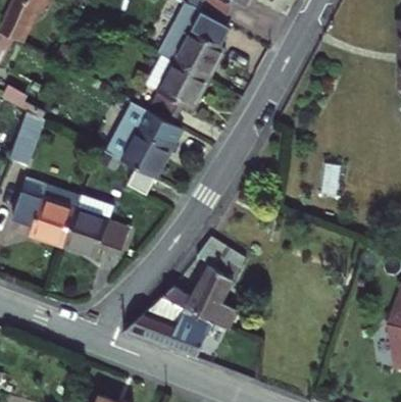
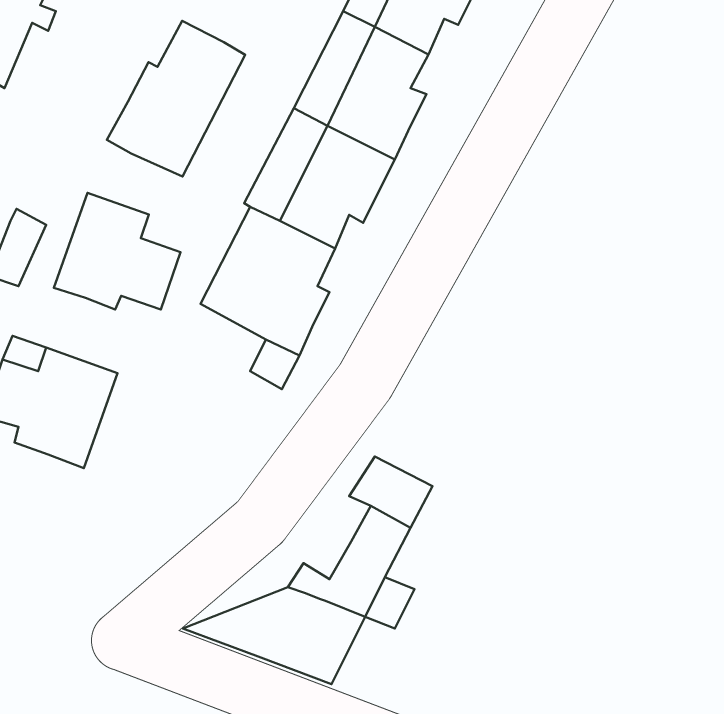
building: none -> [107,21,245,177]
building: [57,195,122,255] -> [54,193,181,310]

